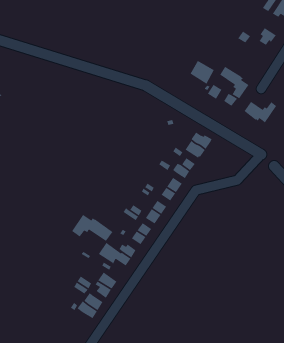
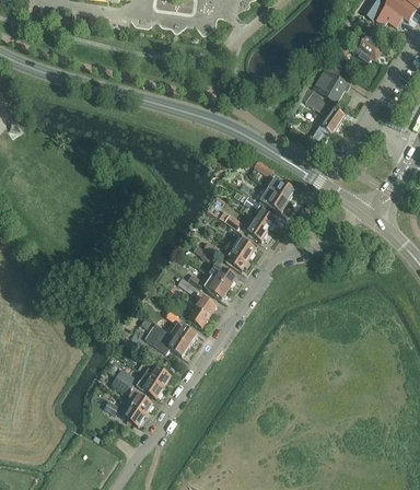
building: [189,60,215,85] -> [313,69,347,102]
building: [244,101,278,123] -> none
building: [71,214,113,242] -> none

